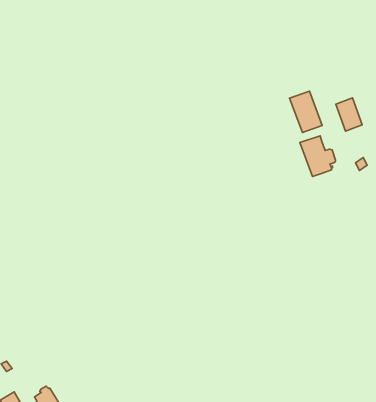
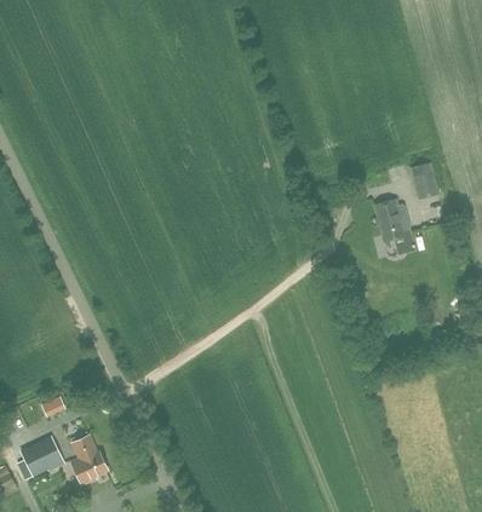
building: [289,91,322,133] -> none

